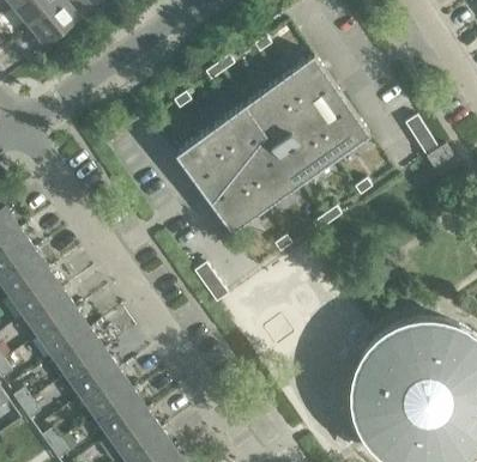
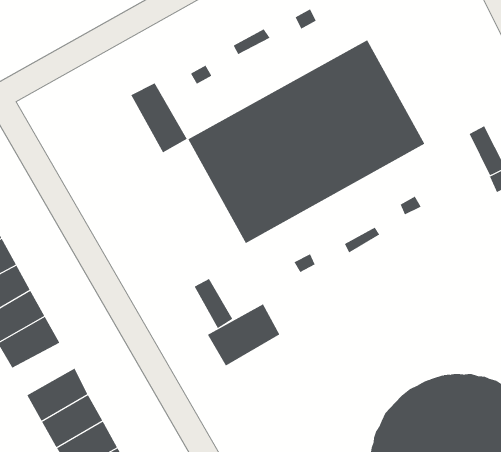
building: none -> [130,82,188,153]
building: none -> [207,303,280,366]
building: [53,330,104,376] -> none

